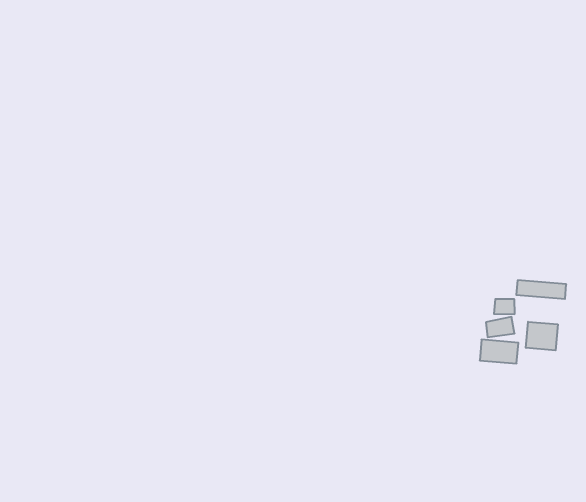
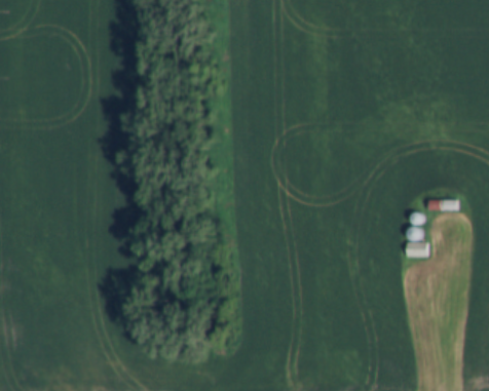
building: [526,322,558,350] -> none

